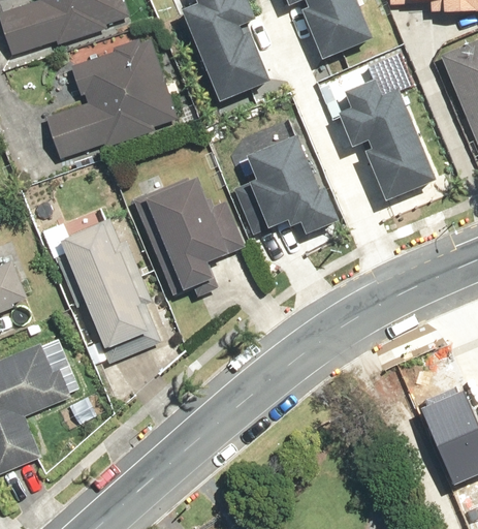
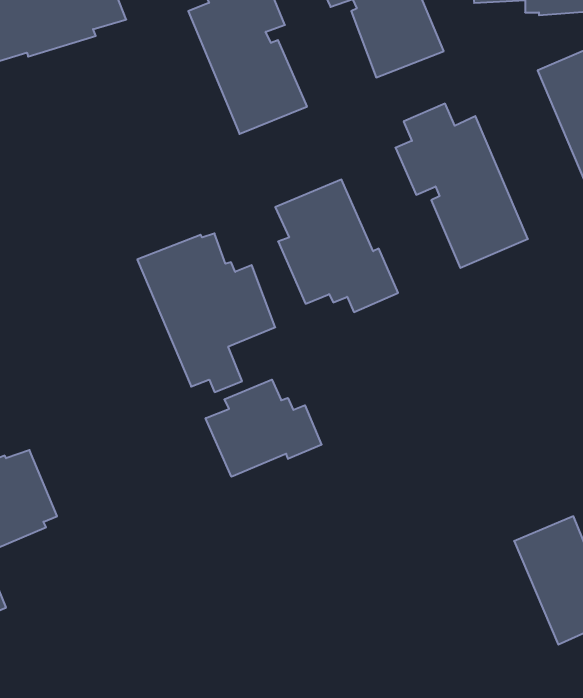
building: [43,37,179,159] -> none
building: [44,218,162,362] -> none
building: none -> [206,380,322,477]

